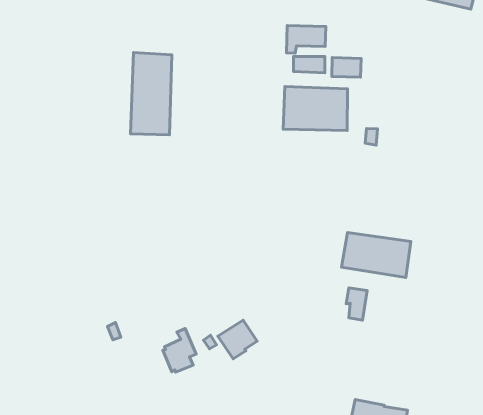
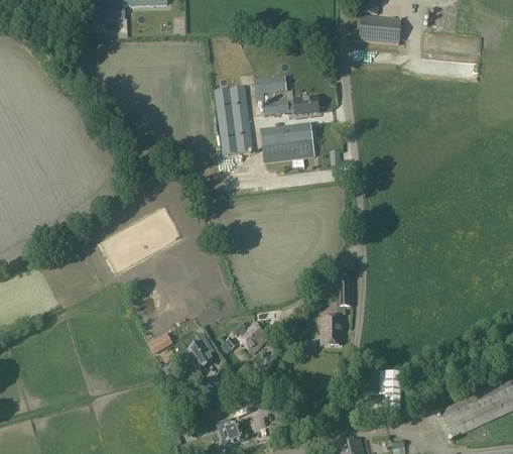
building: [131,53,172,135] -> [215,86,254,154]
building: [342,233,411,277] -> none
building: none -> [322,316,344,344]

